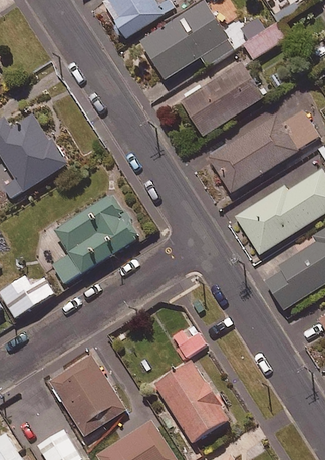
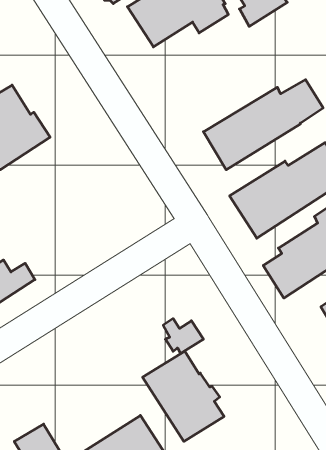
building: [180,60,265,136] -> none
building: [51,195,138,283] -> none
building: [48,354,126,436] -> none

